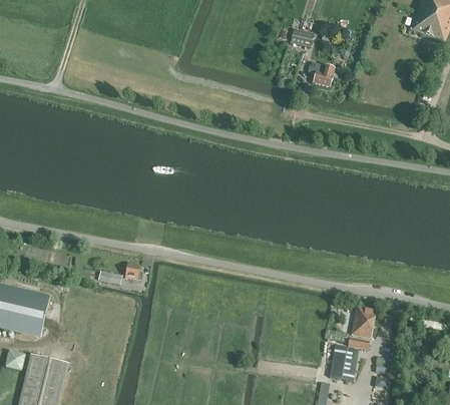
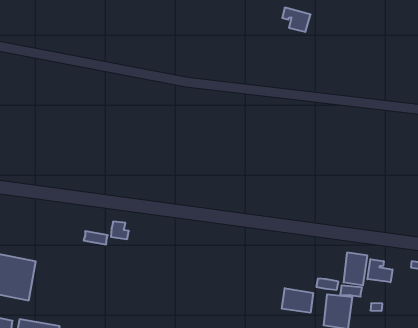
building: none -> [367,259,392,282]
building: none -> [282,288,313,313]

